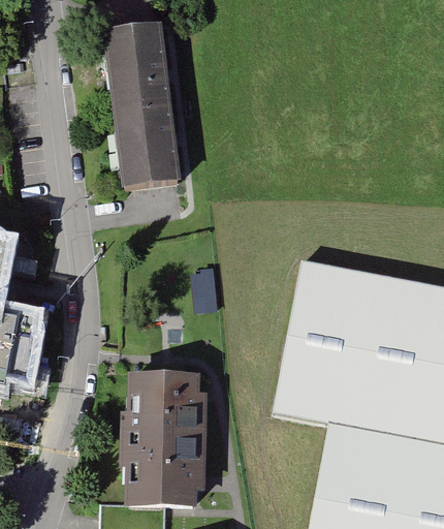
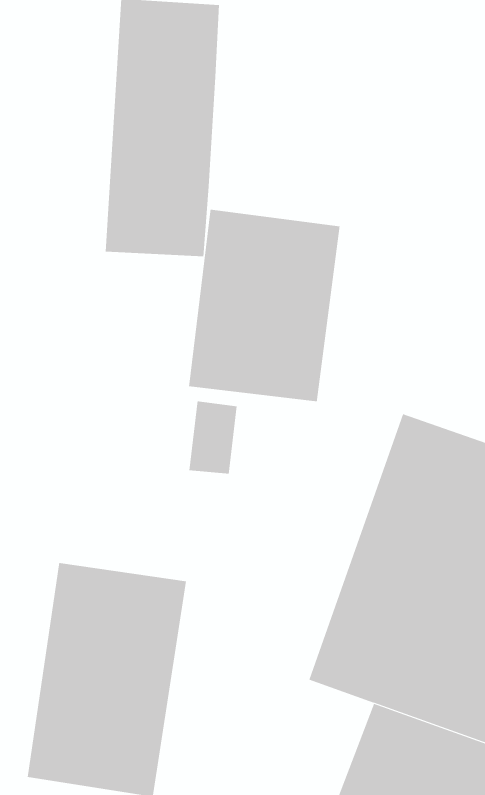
building: none -> [189,209,340,402]

